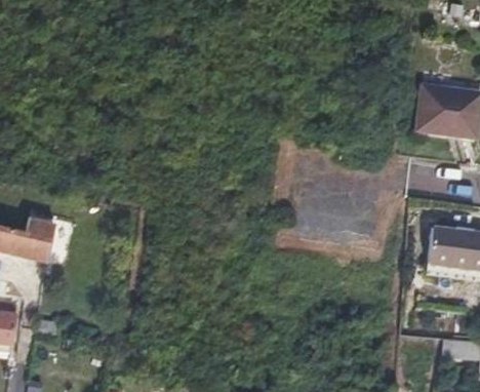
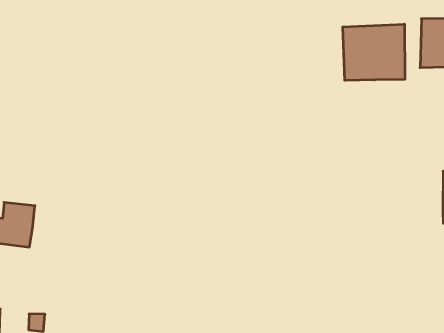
building: none -> [343,24,405,80]

